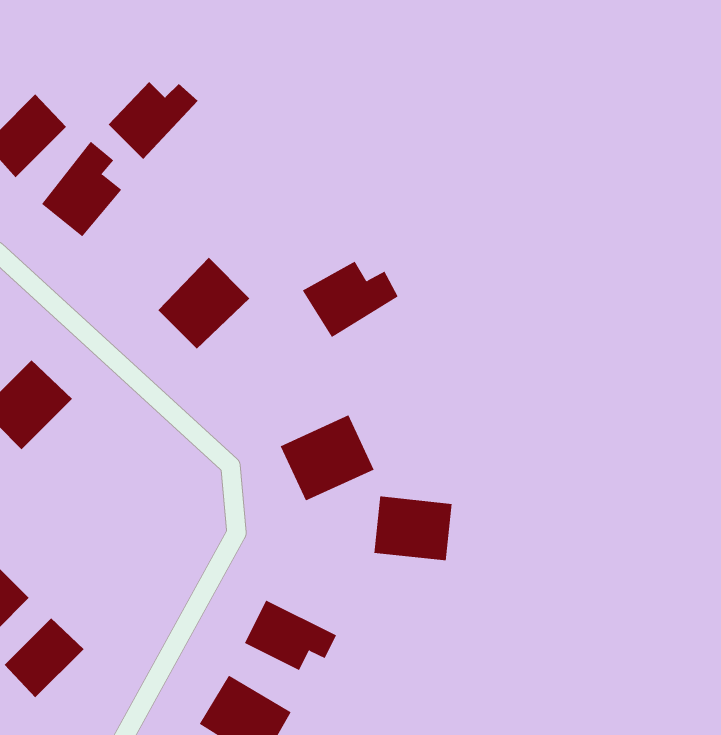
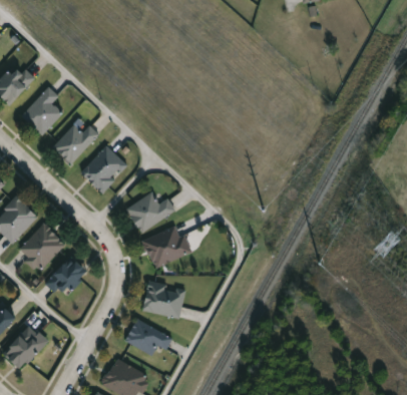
building: [108,81,199,160] -> [52,123,98,163]
building: [302,261,398,338] -> [125,192,174,232]
building: none -> [17,224,65,272]
building: none -> [46,256,86,296]
building: [374,496,452,561] -> [143,283,183,316]

